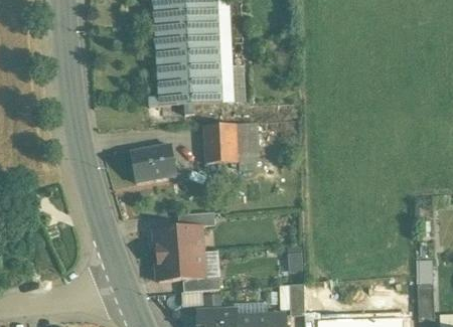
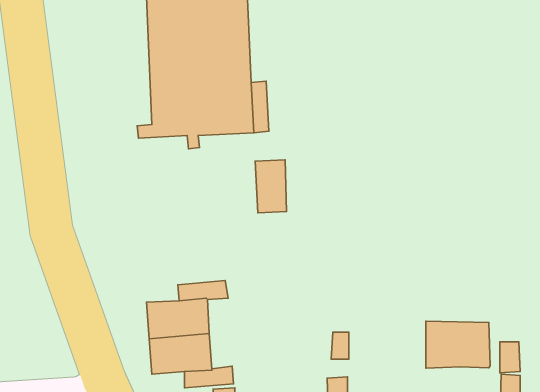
building: [203,125,236,164] -> none
building: [129,145,176,182] -> none
building: none -> [426,321,490,368]

